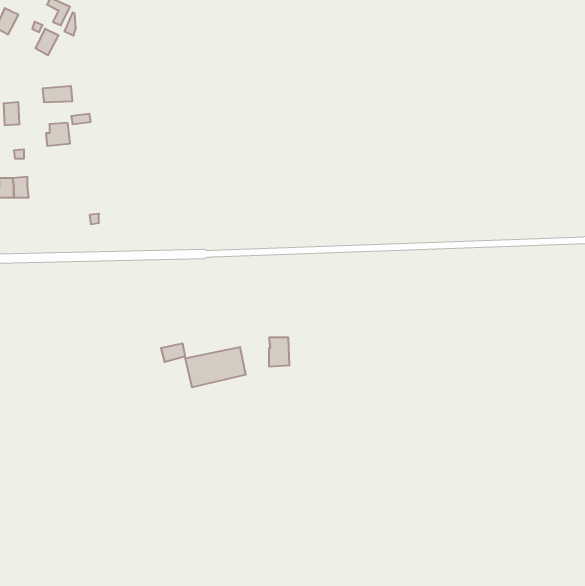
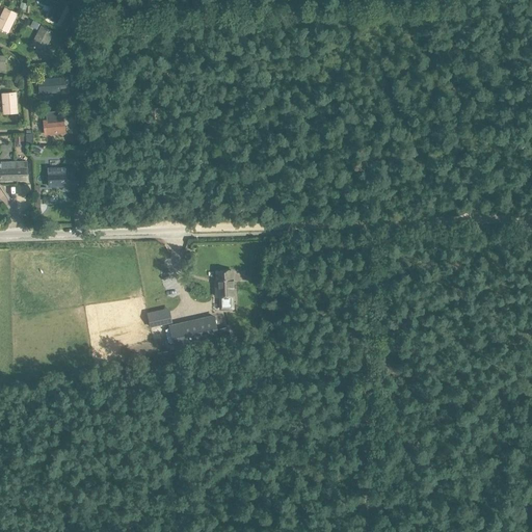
building: none -> [48,167,73,186]
building: [269,338,290,366] -> [213,270,232,296]

